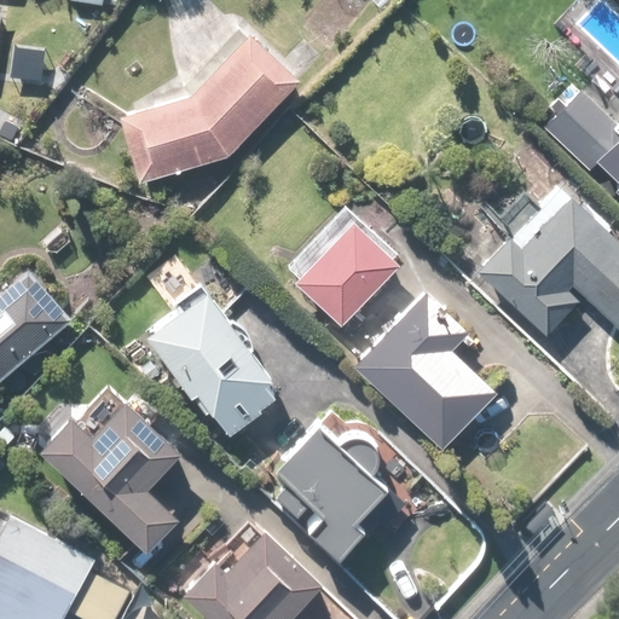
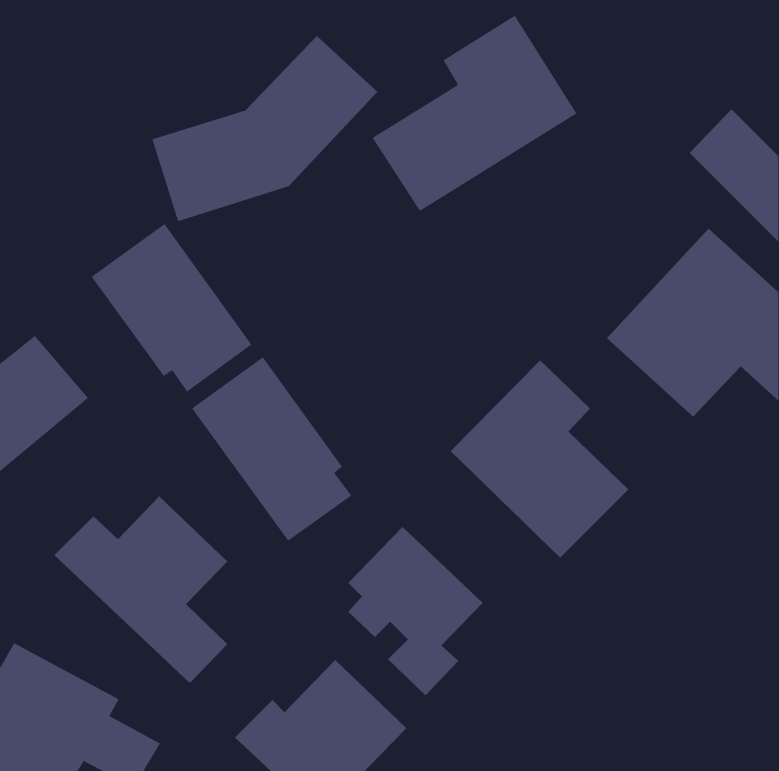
building: none -> [372,15,577,212]
building: none -> [91,223,252,392]
building: [296,225,397,326] -> none

